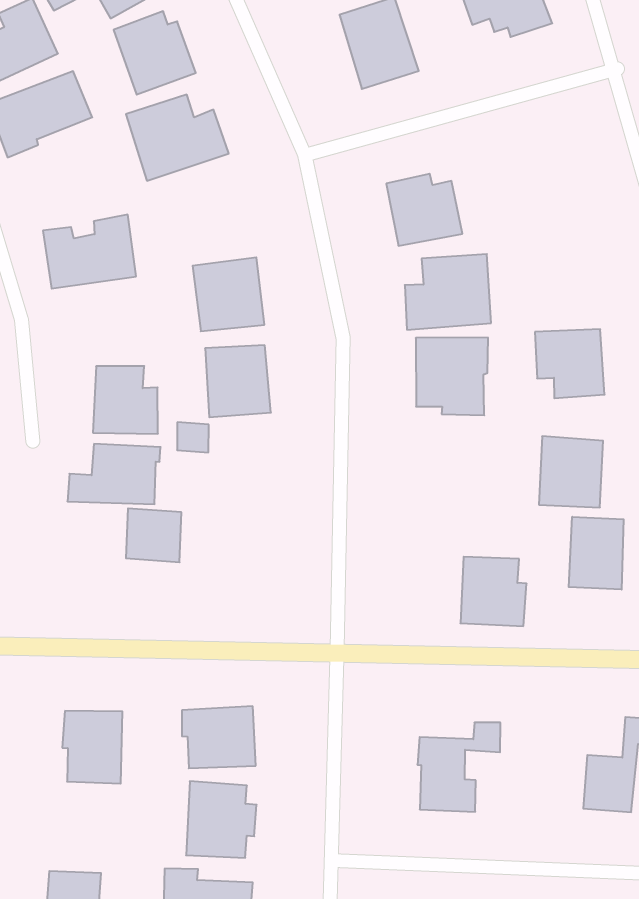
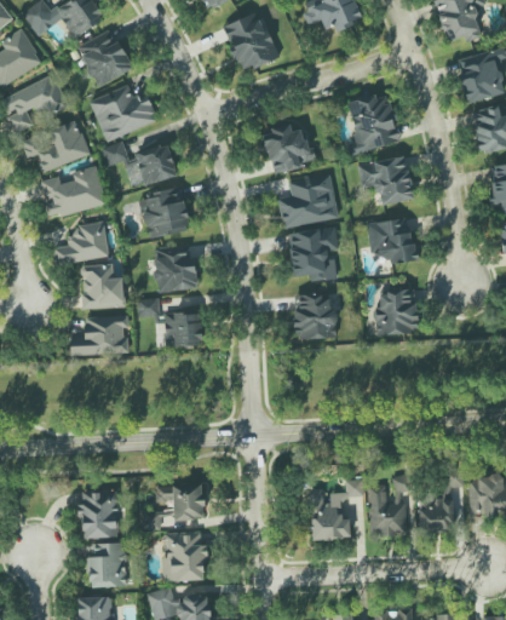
building: none -> [347,92,399,154]
building: none -> [21,121,88,170]
building: none -> [103,140,178,188]
building: none -> [358,155,414,205]
building: none -> [56,220,109,263]
building: [126,508,181,562] -> [165,312,201,345]
building: [569,517,624,590] -> none
building: [460,557,527,626] -> [294,293,337,338]
building: none -> [369,475,407,535]
building: none -> [88,542,127,586]

